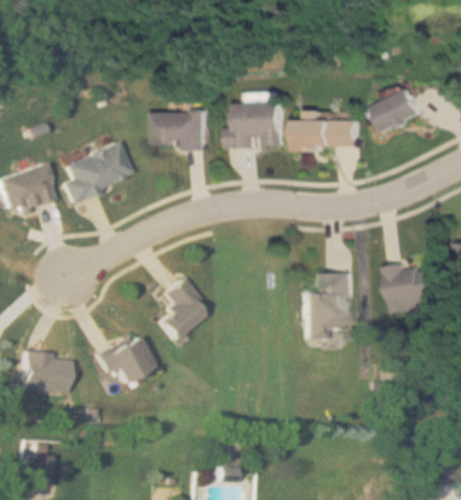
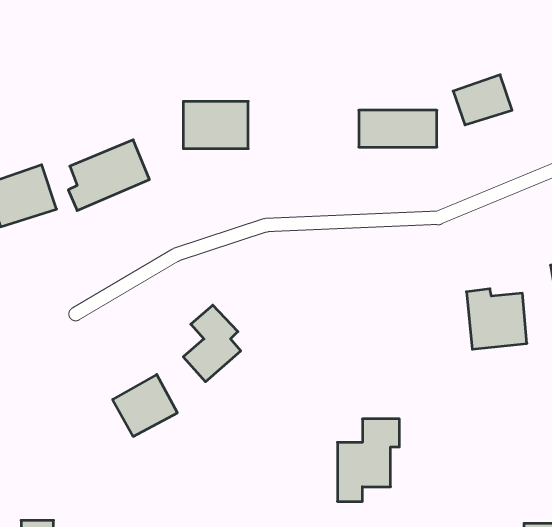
building: [232,99,289,148] -> none
building: [305,272,356,340] -> [337,419,399,501]
building: [23,352,70,392] -> none

